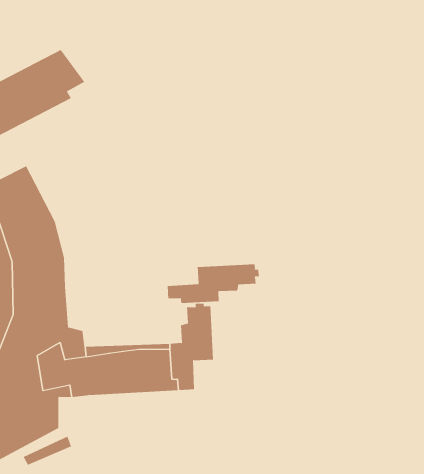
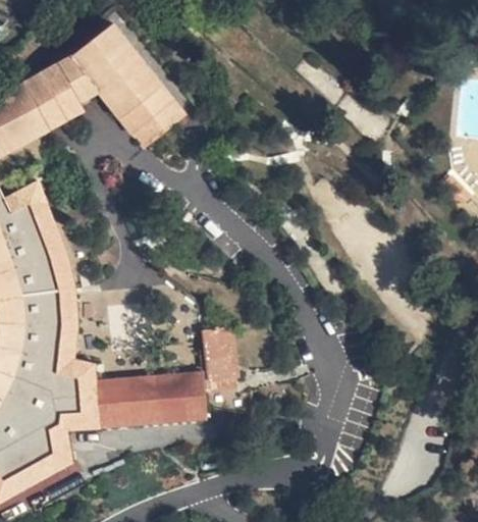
building: none -> [70,30,183,154]
building: [167,263,260,304] -> none

